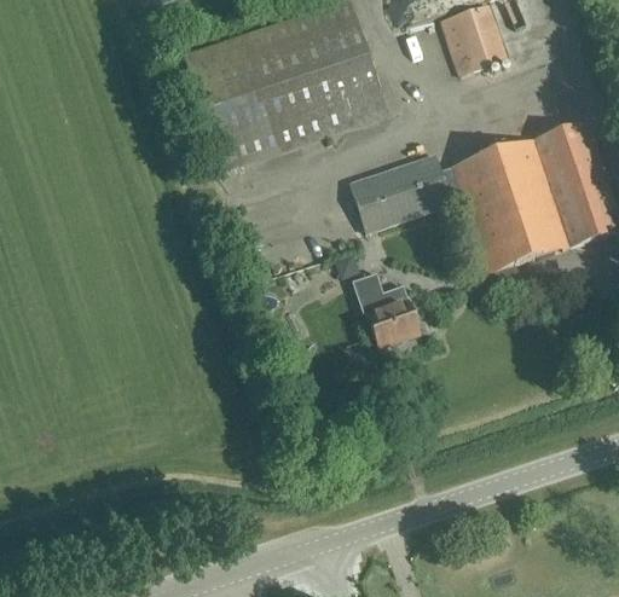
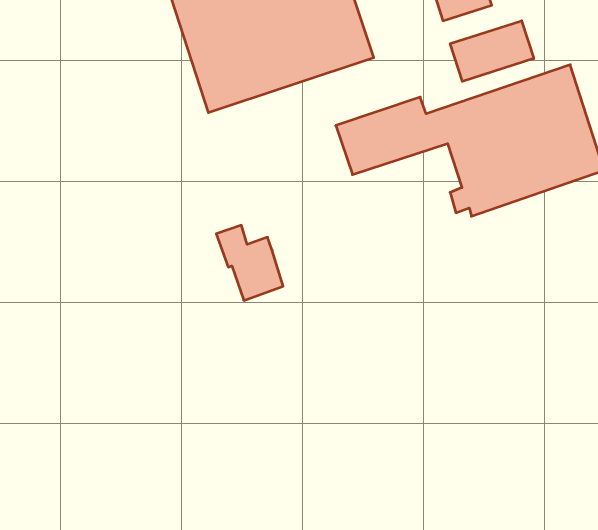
building: none -> [450,21,534,81]
building: [352,273,420,349] -> [216,225,283,300]

